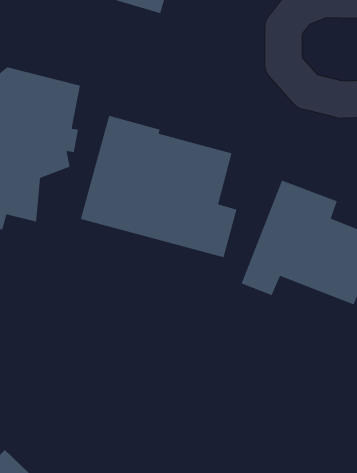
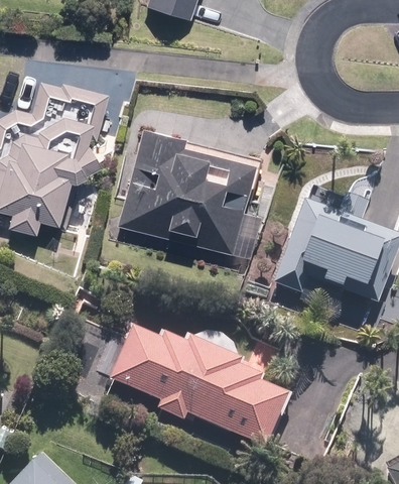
building: none -> [107,325,289,452]

